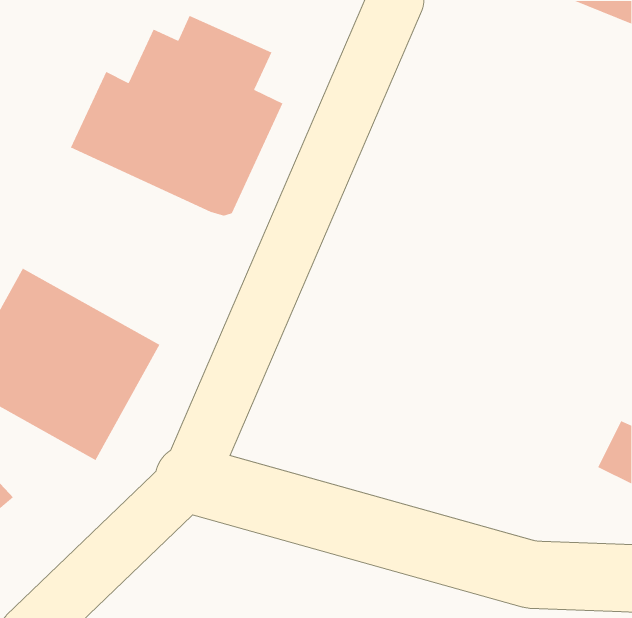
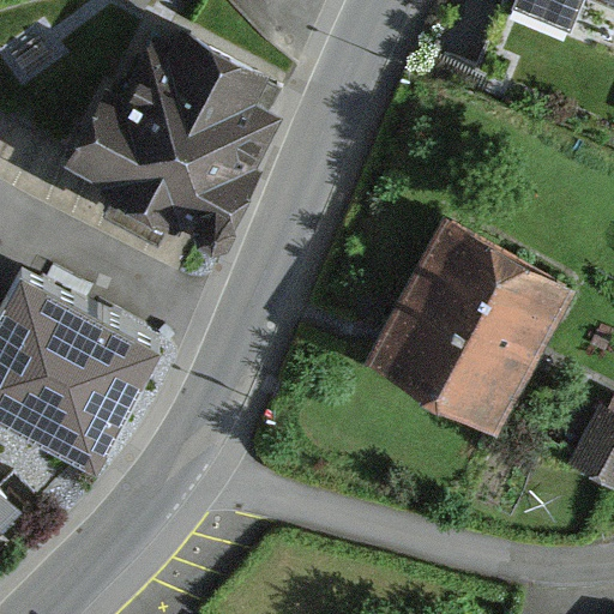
building: none -> [383,231,556,413]

